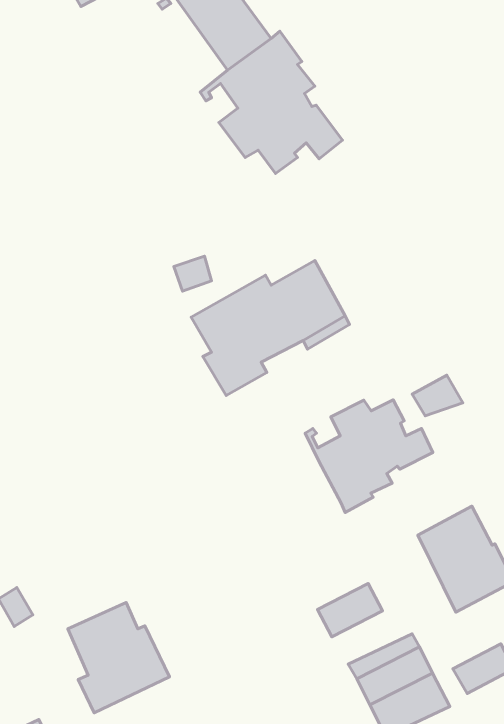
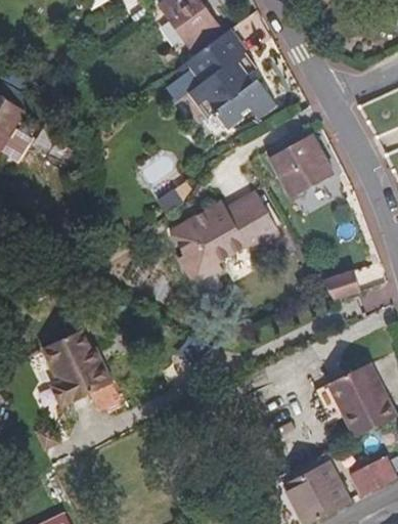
building: none -> [268,134,334,199]
building: [305,400,433,512] -> none
building: [318,584,382,637] -> none
building: [68,603,170,713] -> [42,330,114,407]

